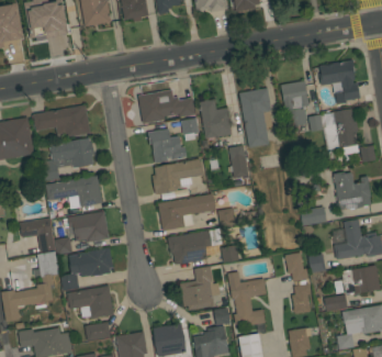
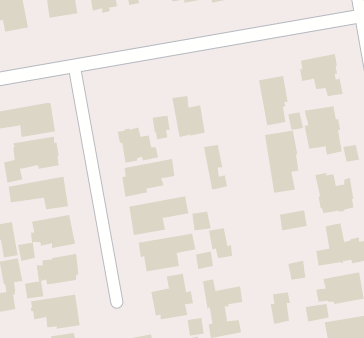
building: [239,88,272,147] -> [264,130,299,193]
building: [137,90,195,123] -> none
building: [284,253,307,281] -> [208,228,233,258]

